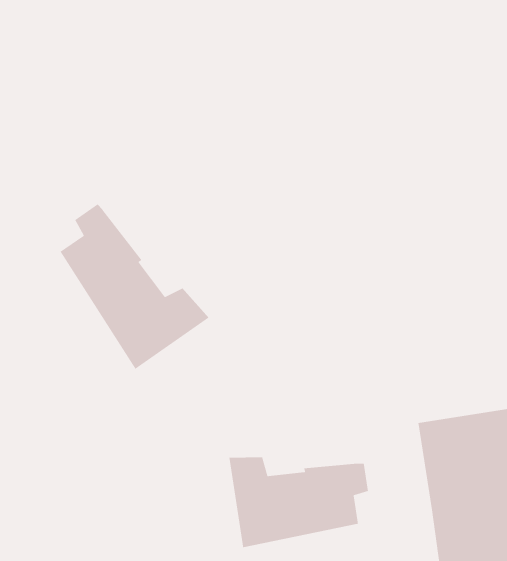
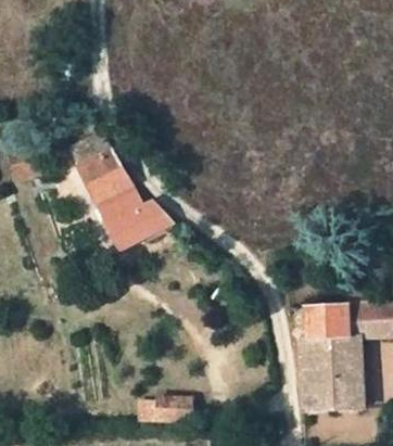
building: [228,457,369,548] -> none

